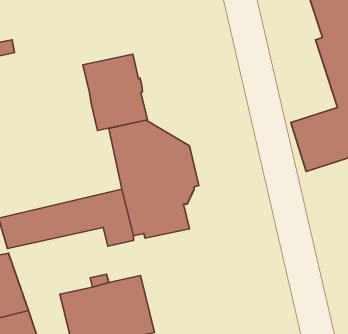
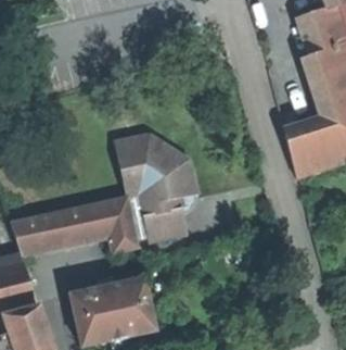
building: [83,54,148,131] -> none

